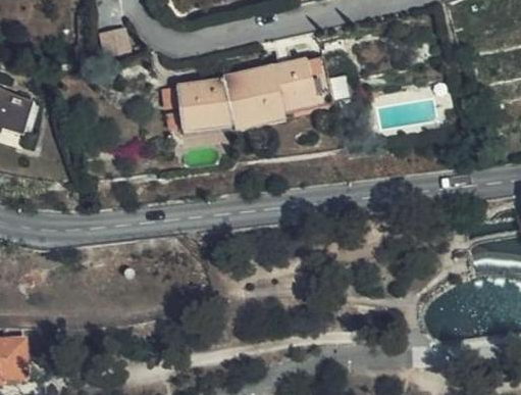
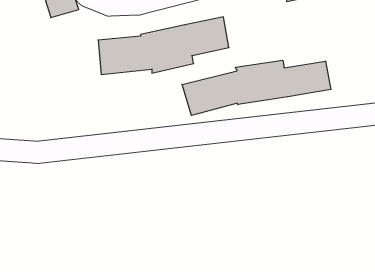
building: none -> [182,60,331,115]

